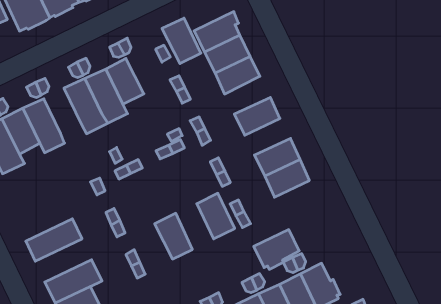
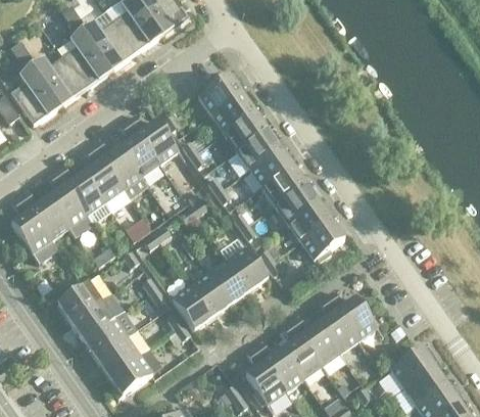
building: [162,18,201,64] -> [137,120,178,164]
building: none -> [236,129,280,169]
building: none -> [65,171,105,215]
building: none -> [261,166,305,204]
building: none -> [56,274,111,322]
building: none -> [208,260,248,304]
building: none -> [172,285,212,329]
building: [254,230,299,269] -> [299,220,343,261]
building: none -> [83,311,136,358]

